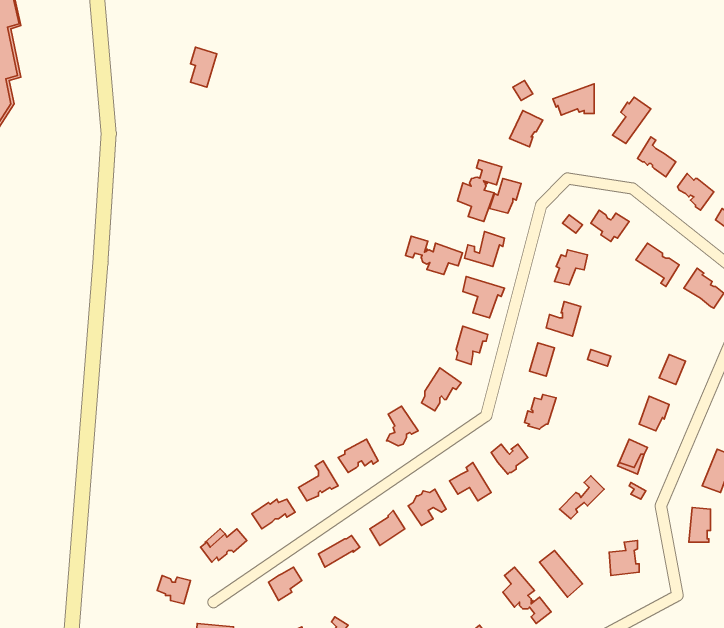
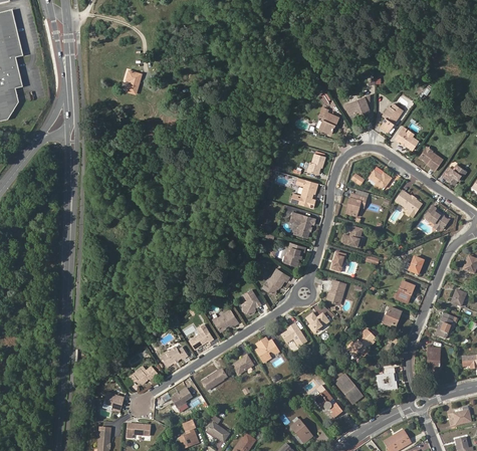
building: [458,160,502,222] -> none
building: [405,236,462,275] -> none

